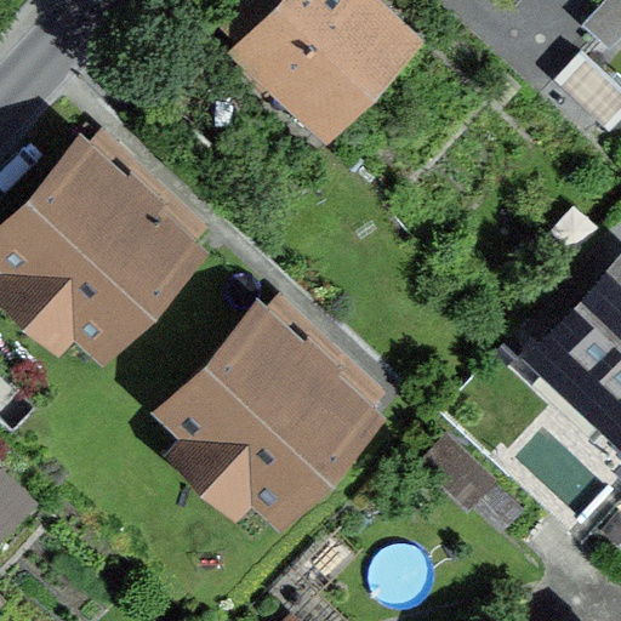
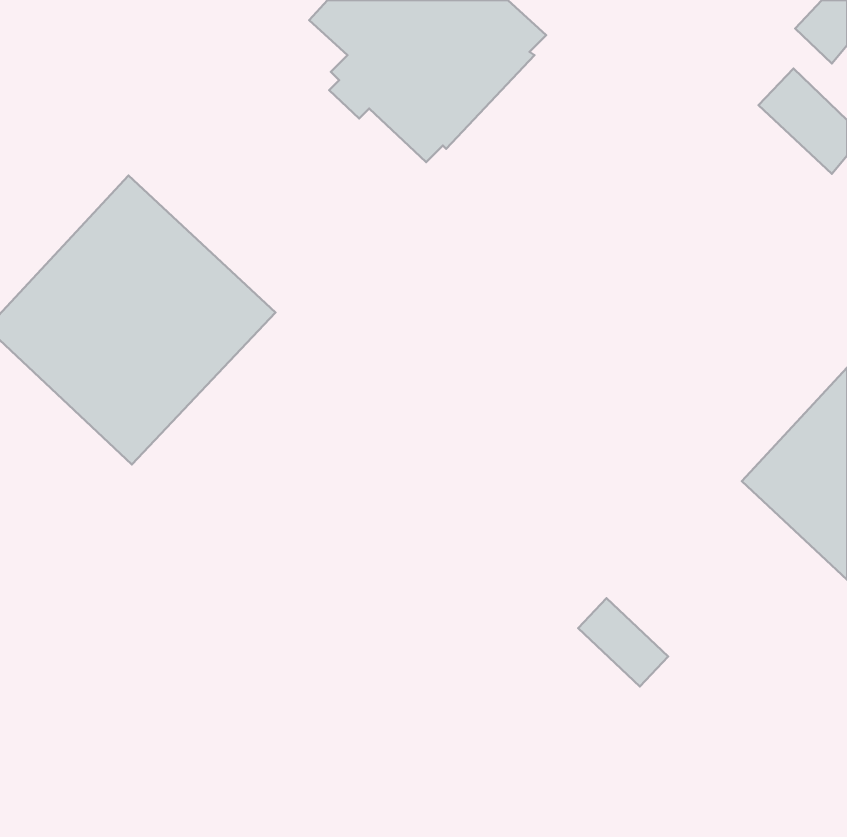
building: [167,304,377,514] -> none

